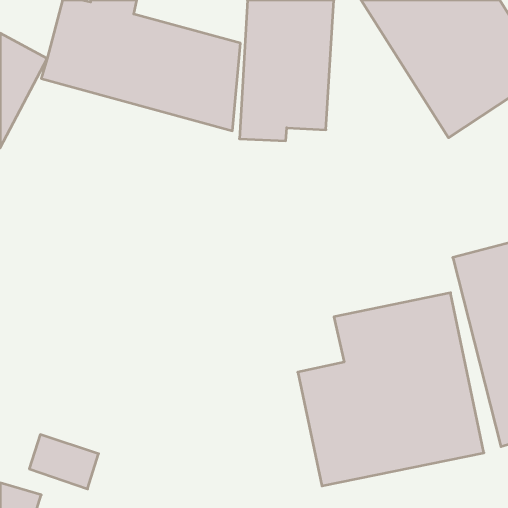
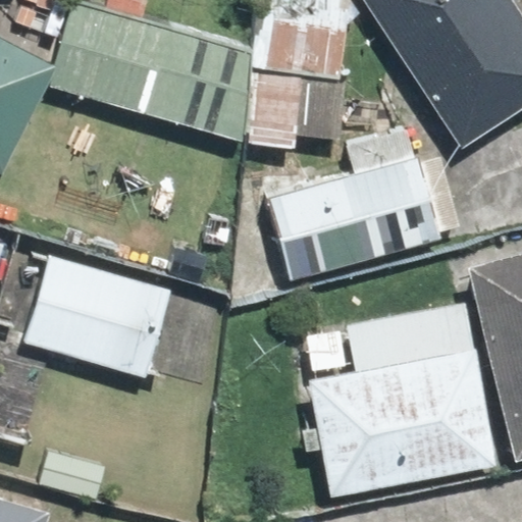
building: none -> [251,132,462,282]
building: none -> [22,253,172,383]

